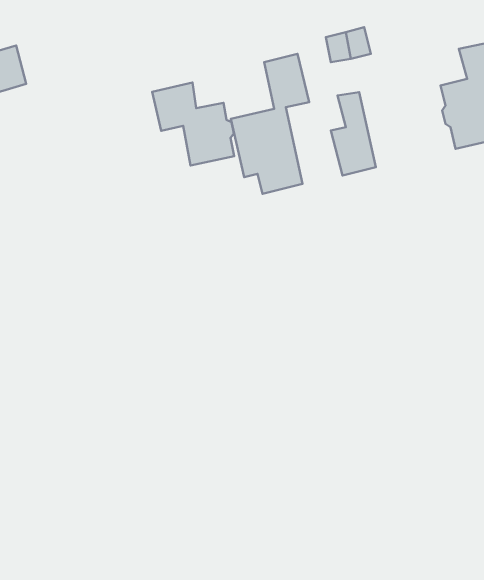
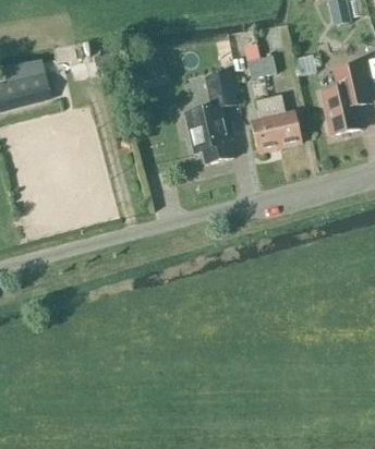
building: [152,82,234,166] -> none
building: none -> [268,92,301,144]

